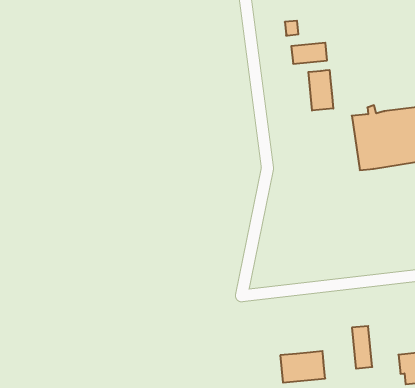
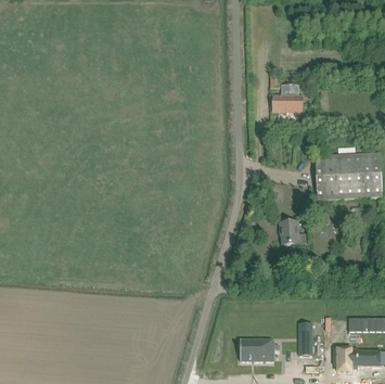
building: [308,70,333,111] -> none
building: none -> [281,220,307,244]

